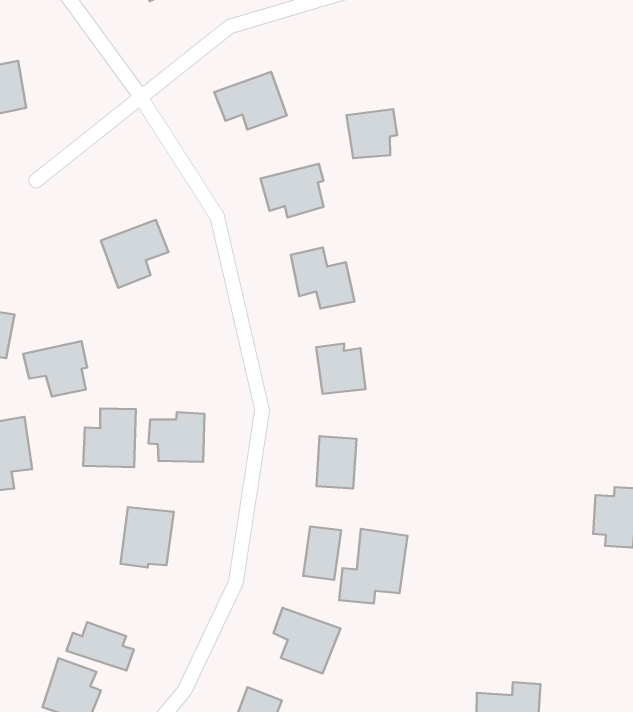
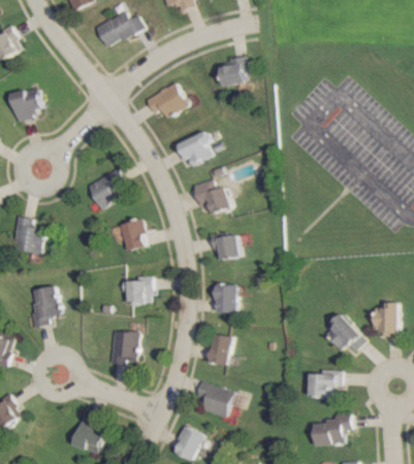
building: [347,109,397,158] -> [219,57,248,86]
building: [23,341,87,397] -> [110,219,147,251]
building: [83,408,136,467] -> none
building: none -> [323,312,364,351]
building: [339,529,408,604] -> none
building: none -> [311,370,341,397]
building: [67,622,134,670] -> none

